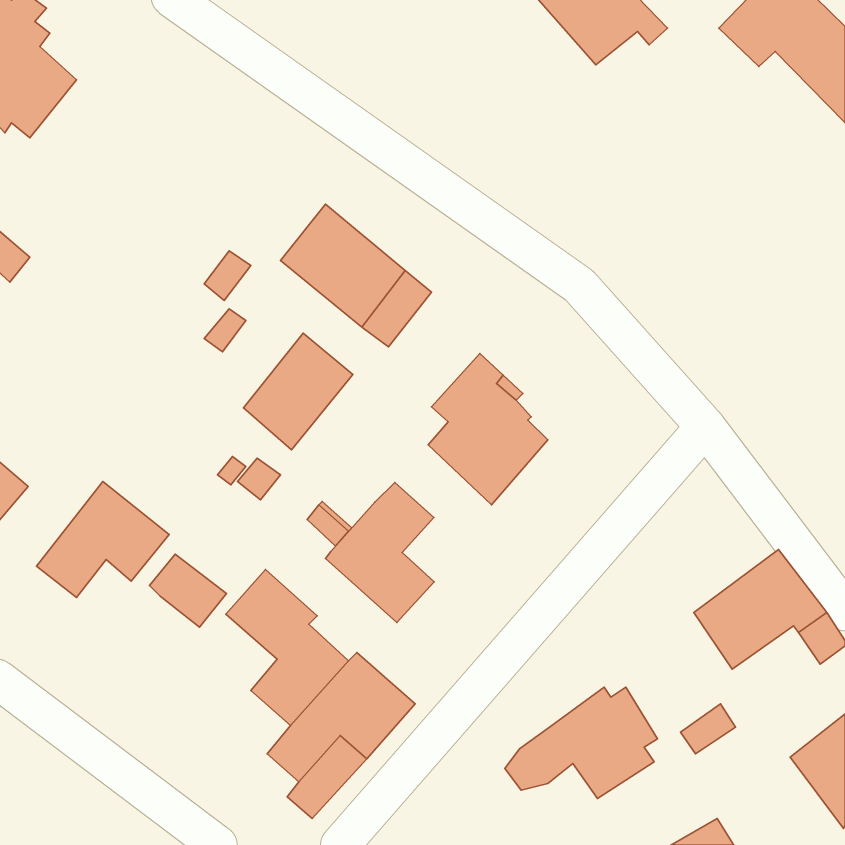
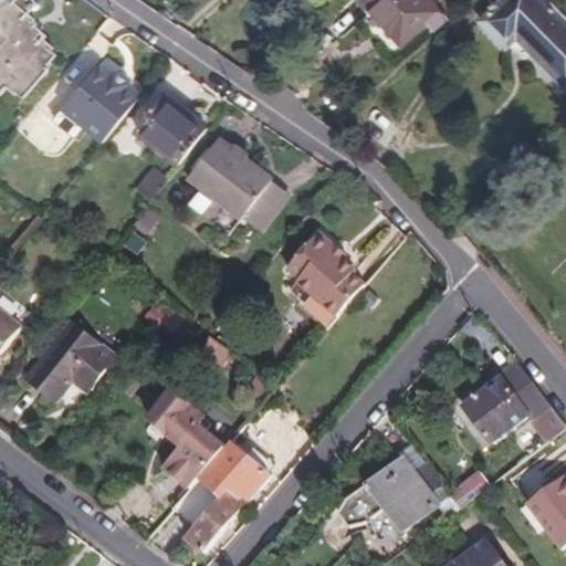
building: none -> [50,66,133,140]
building: none -> [134,91,207,163]
building: [243,333,353,450] -> none
building: [326,483,434,623] -> none
building: [149,554,227,627] -> none

